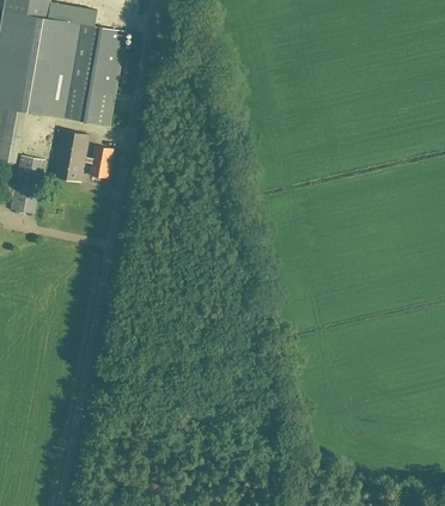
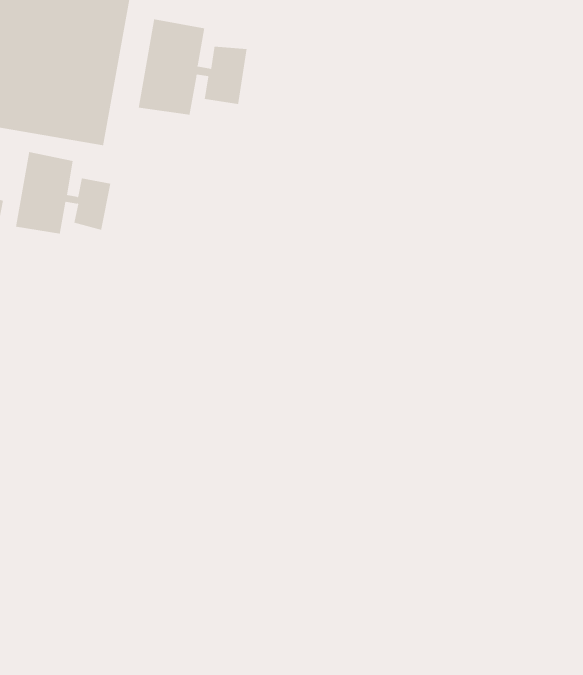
building: none -> [138,18,247,115]

